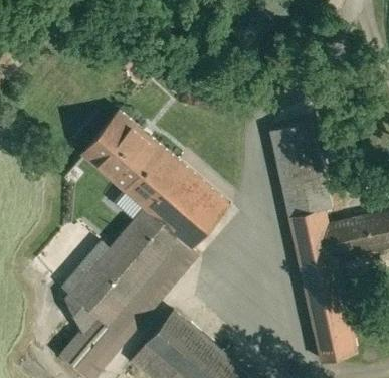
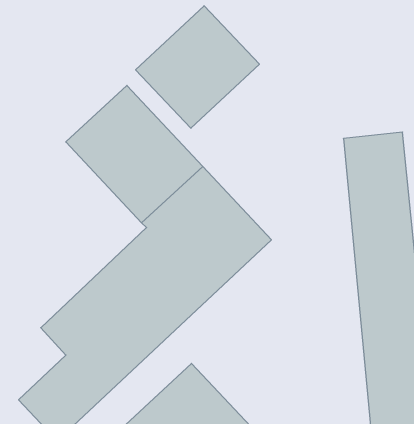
building: none -> [136,6,259,128]

